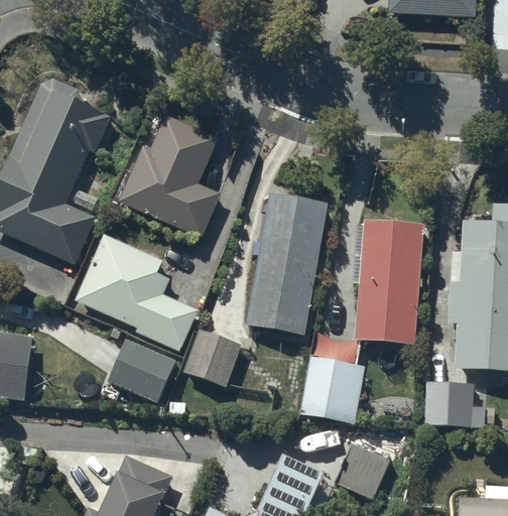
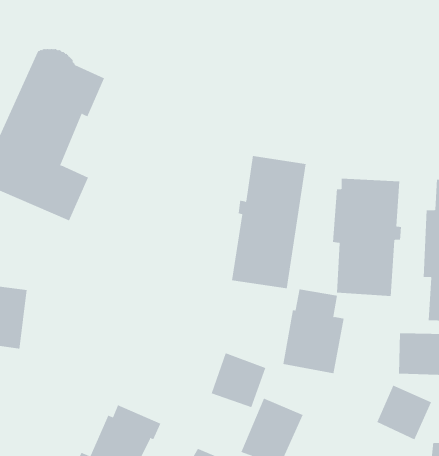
building: [119,117,221,238] -> none
building: [75,235,198,352] -> none
building: [182,329,241,387] -> [211,352,266,408]
building: [108,339,174,401] -> none
building: [335,443,393,502] -> [377,385,432,440]

